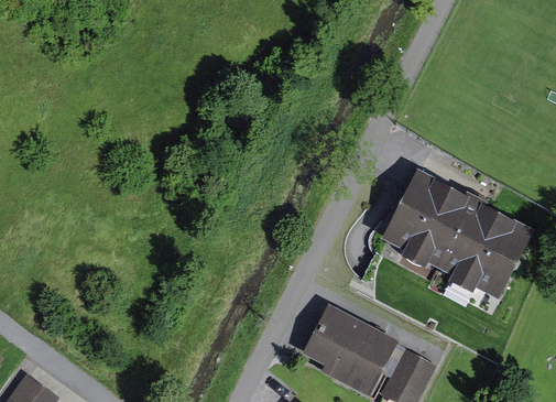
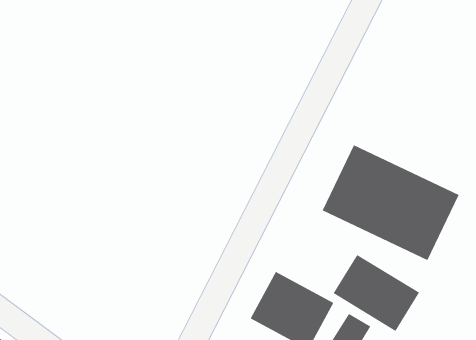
building: none -> [333,254,420,332]

